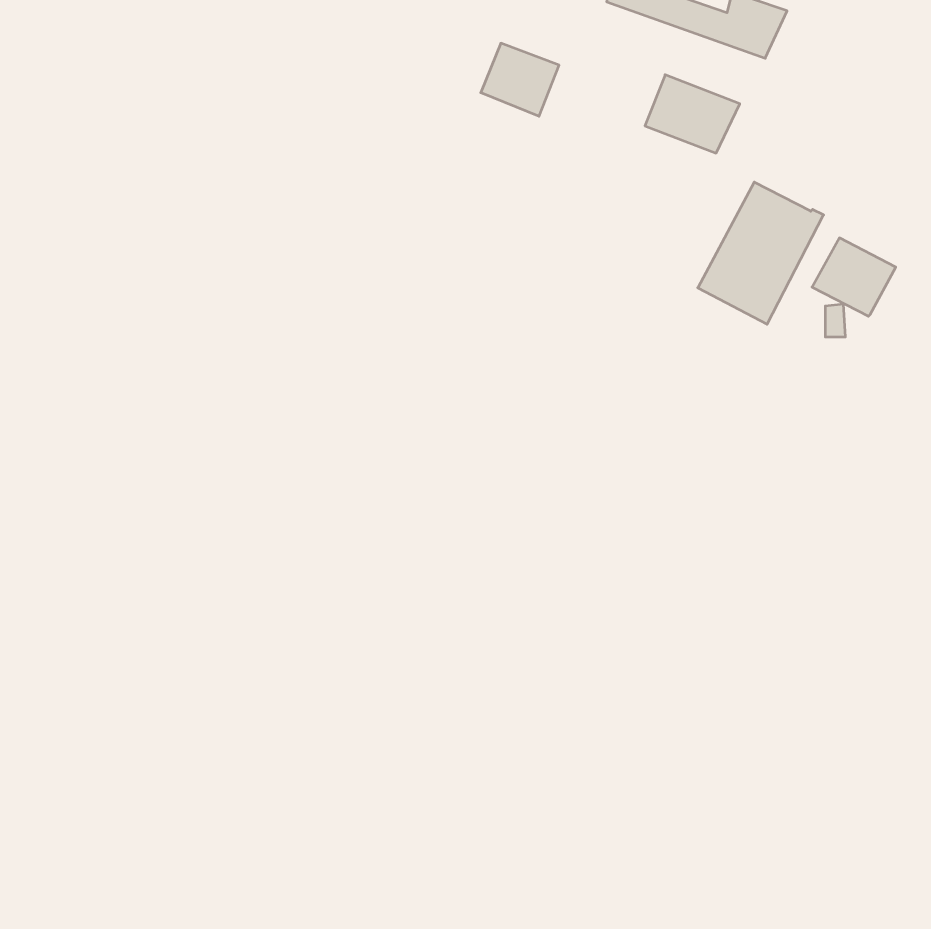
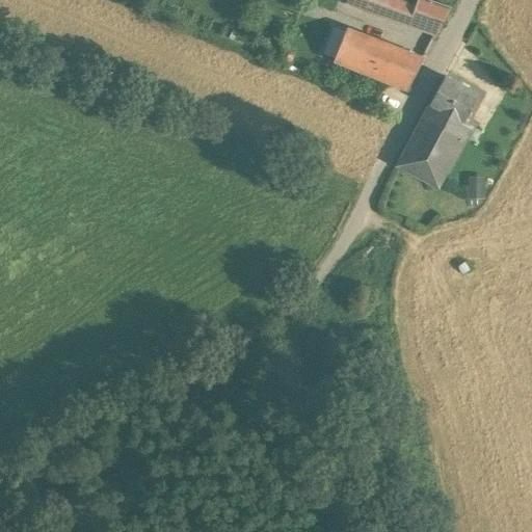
building: [481,43,559,116] -> [335,30,379,72]
building: [812,238,896,316] -> [430,76,478,121]

